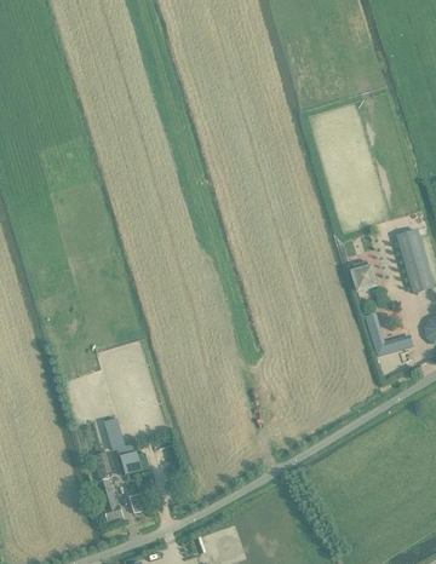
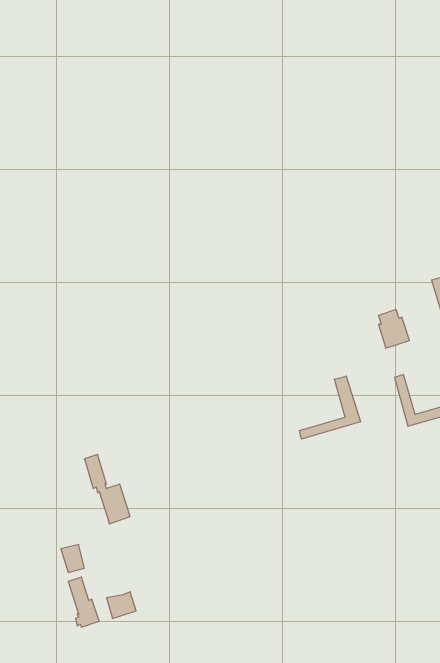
building: none -> [299,376,360,439]
building: [105,418,143,474] -> [84,455,130,524]

